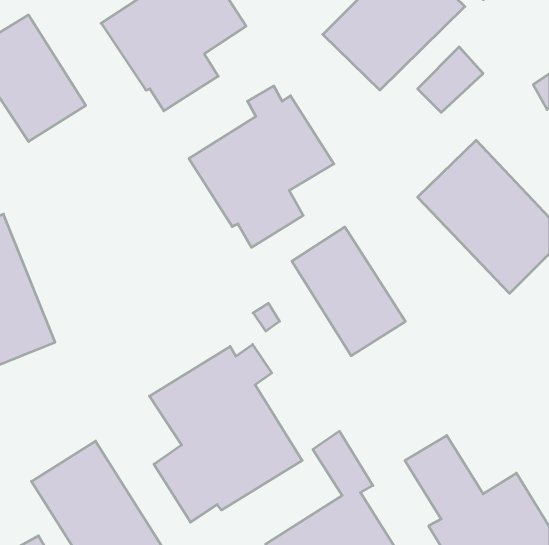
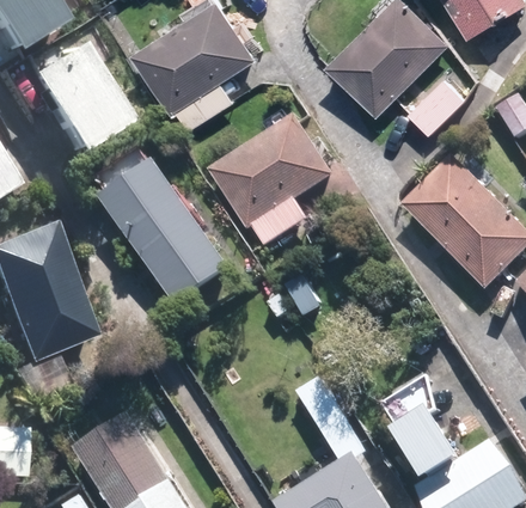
building: none -> [105,164,231,305]
building: [292,227,405,356] -> none
building: [149,344,302,522] -> none

